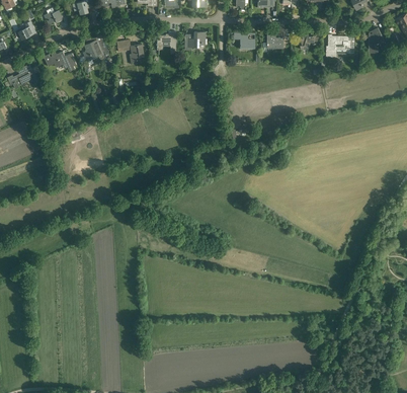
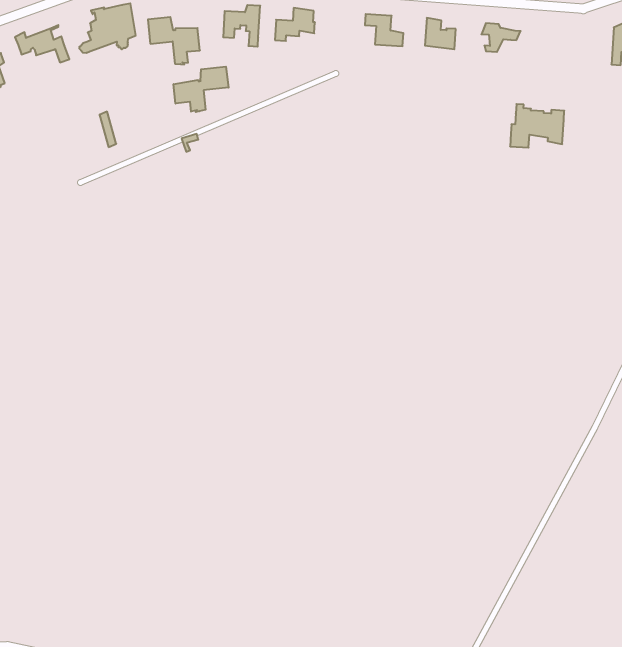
building: [326,33,354,57] -> [510,104,564,148]
building: none -> [174,67,229,112]

